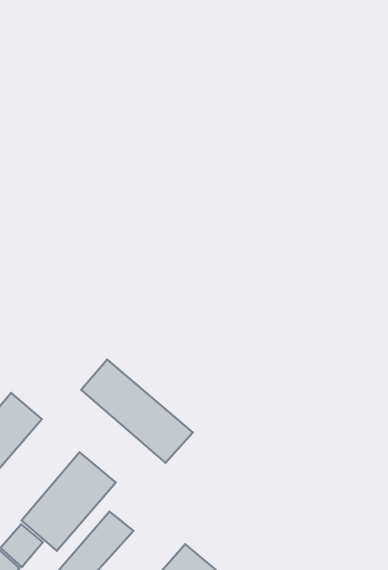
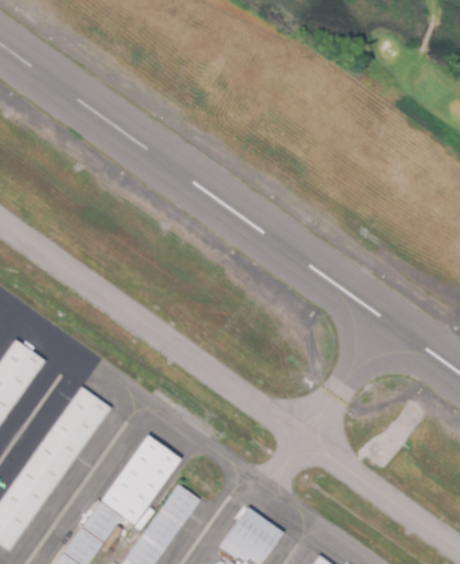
building: [81,360,193,463] -> none

